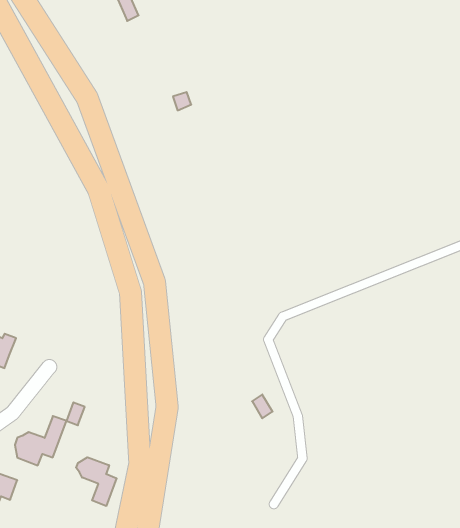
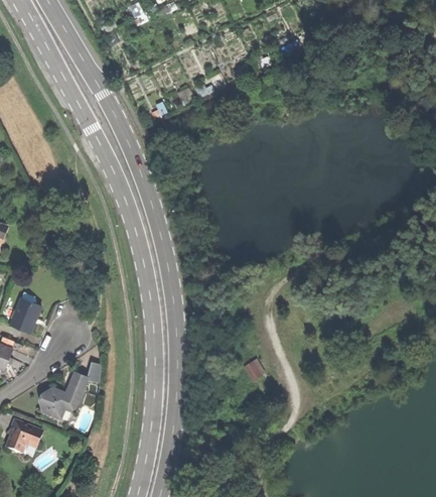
building: [76,457,117,506] -> none

